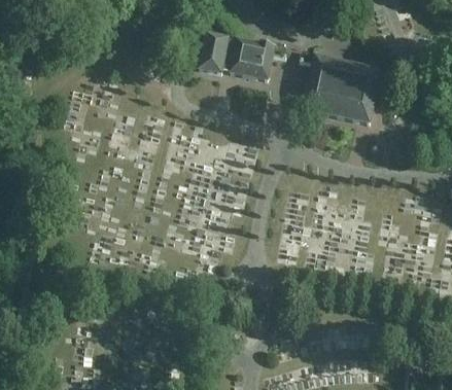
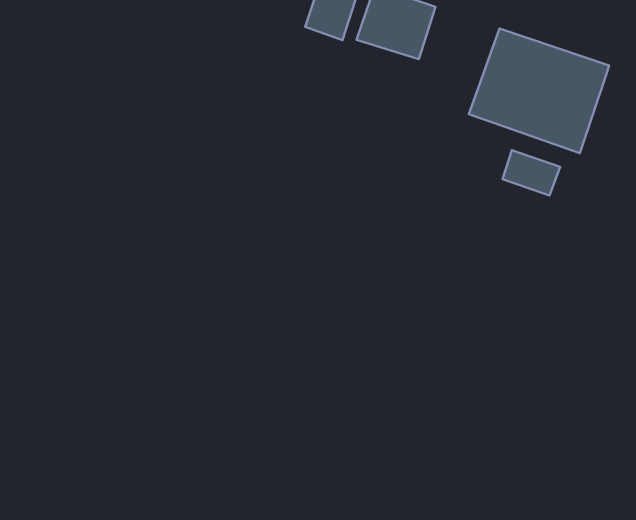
building: none -> [502,150,560,195]

